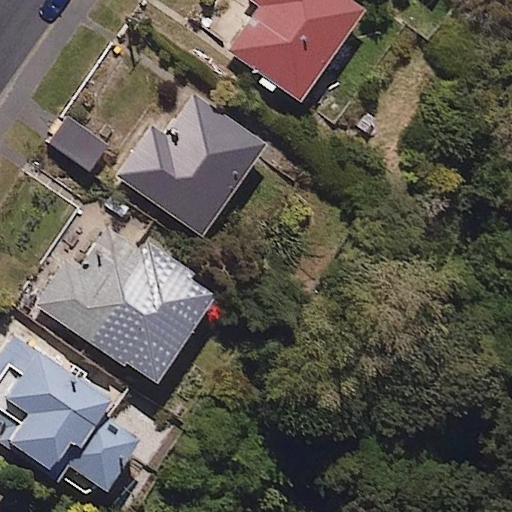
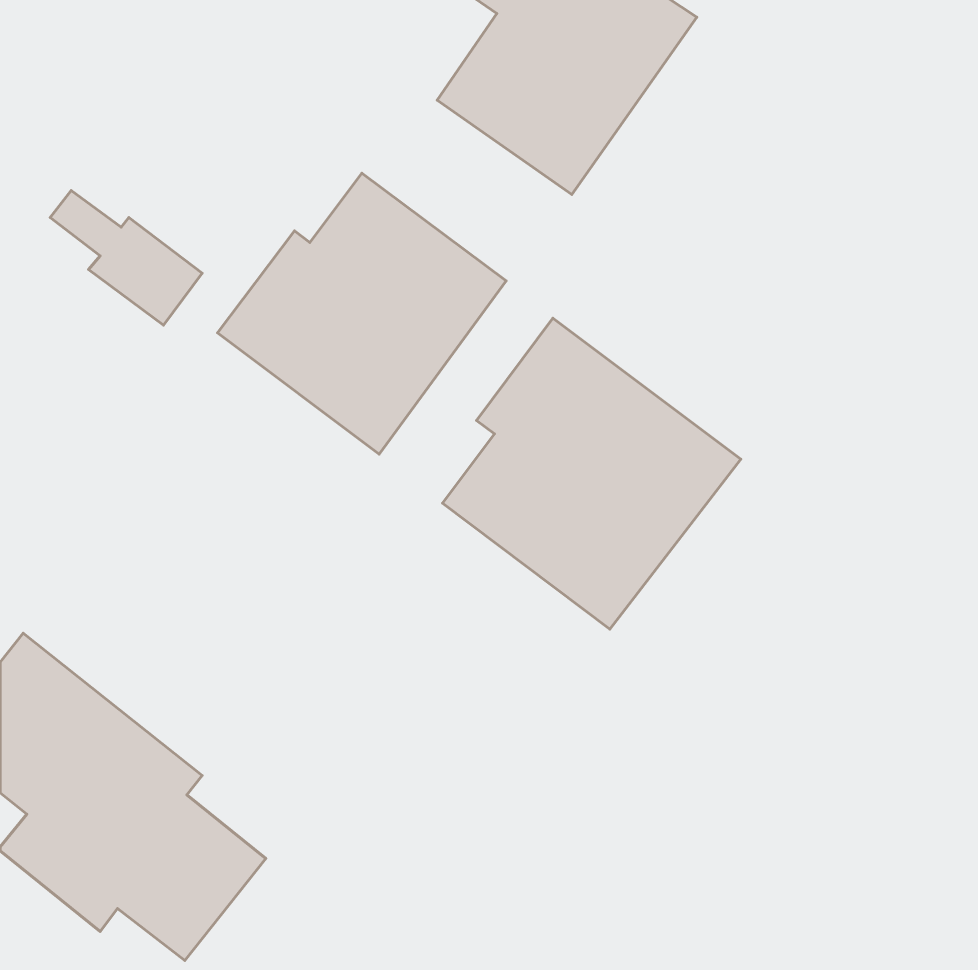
building: none -> [442,318,741,629]
building: [30,217,219,387] -> none

